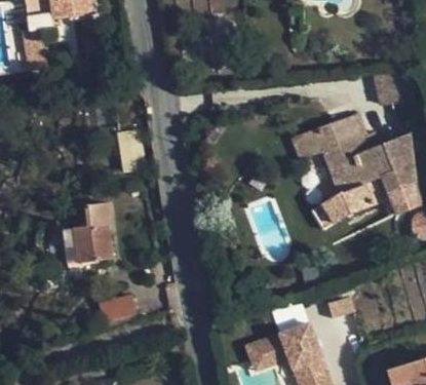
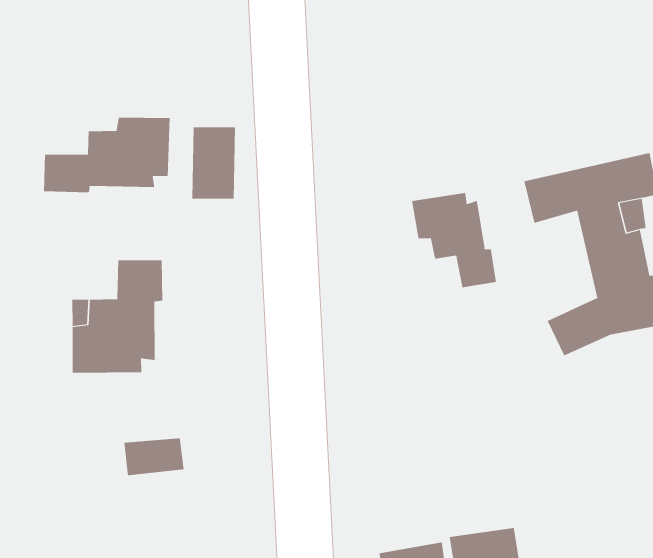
building: none -> [44,117,170,193]
building: none -> [411,192,497,288]

